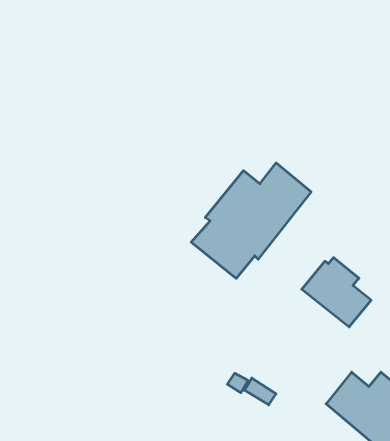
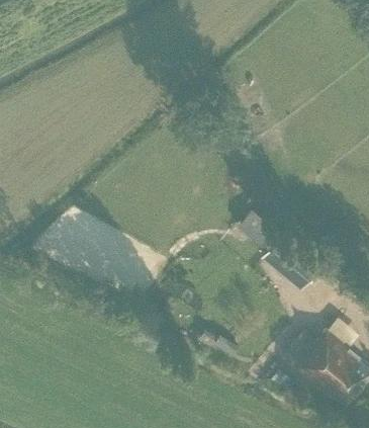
building: [191,163,311,278] -> none

